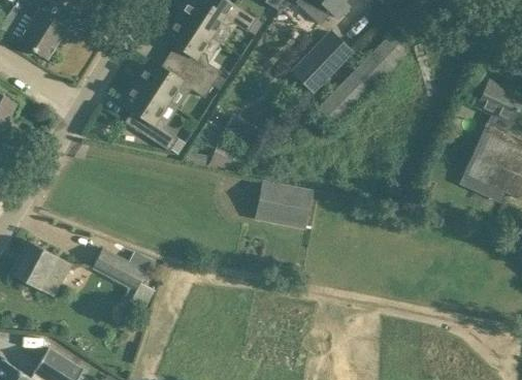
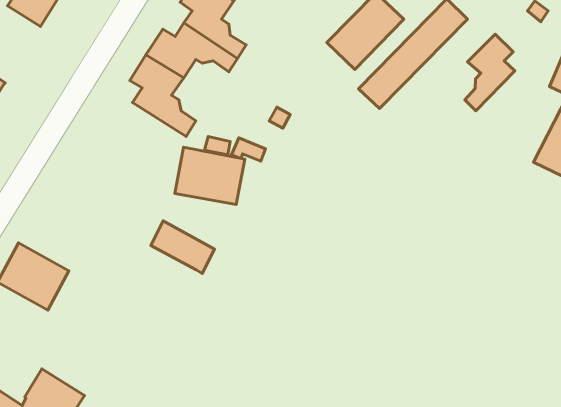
building: none -> [465,34,515,111]
building: [255,180,314,228] -> [175,147,245,204]
building: [93,247,146,291] -> [151,221,215,274]

